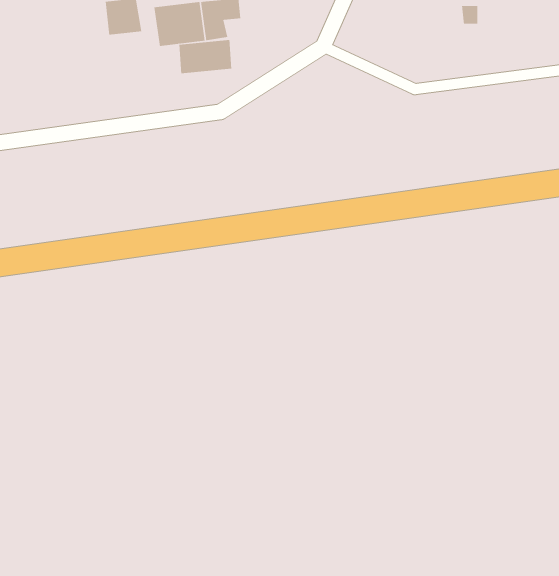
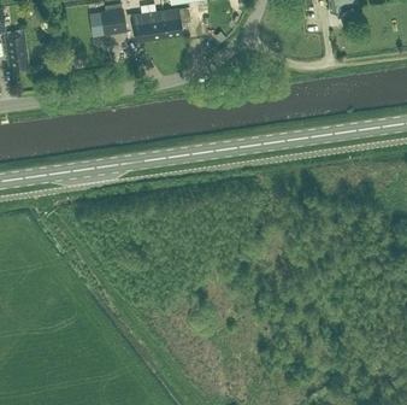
building: [179,39,232,74] -> none

